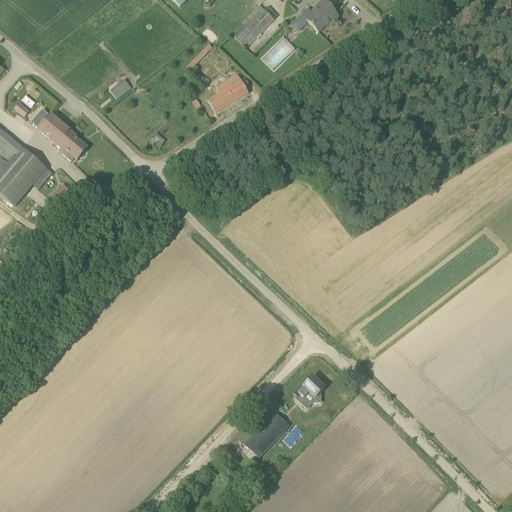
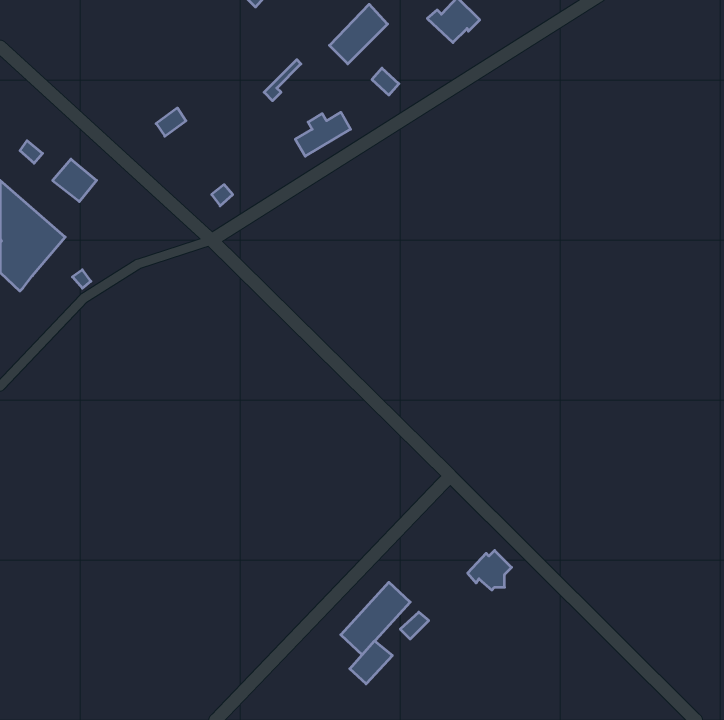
building: [57,127,88,157] -> none
building: [294,374,325,402] -> [468,550,512,590]
building: none -> [350,641,392,684]

